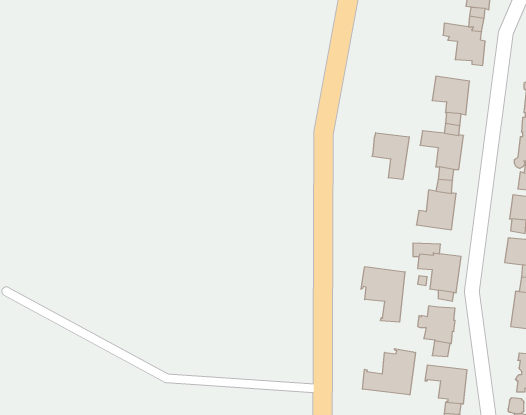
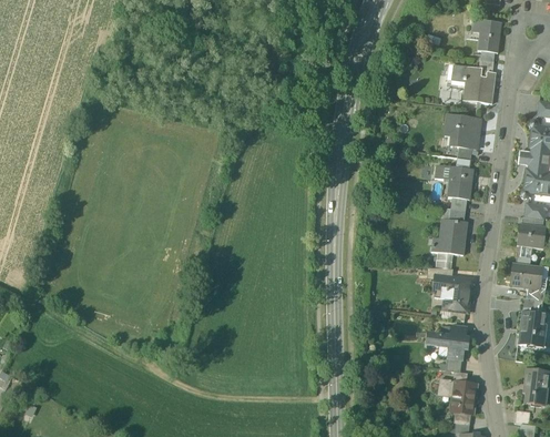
building: [372,133,409,179] -> none
building: [361,267,405,322] -> none
building: [363,349,415,395] -> none

